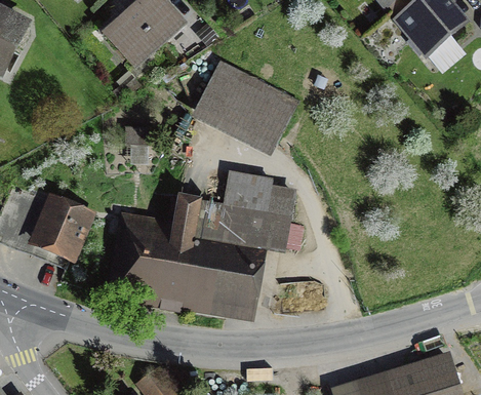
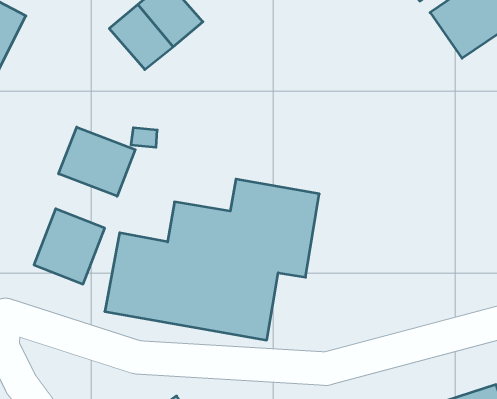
building: [195,62,295,149] -> none
building: none -> [59,127,135,196]

